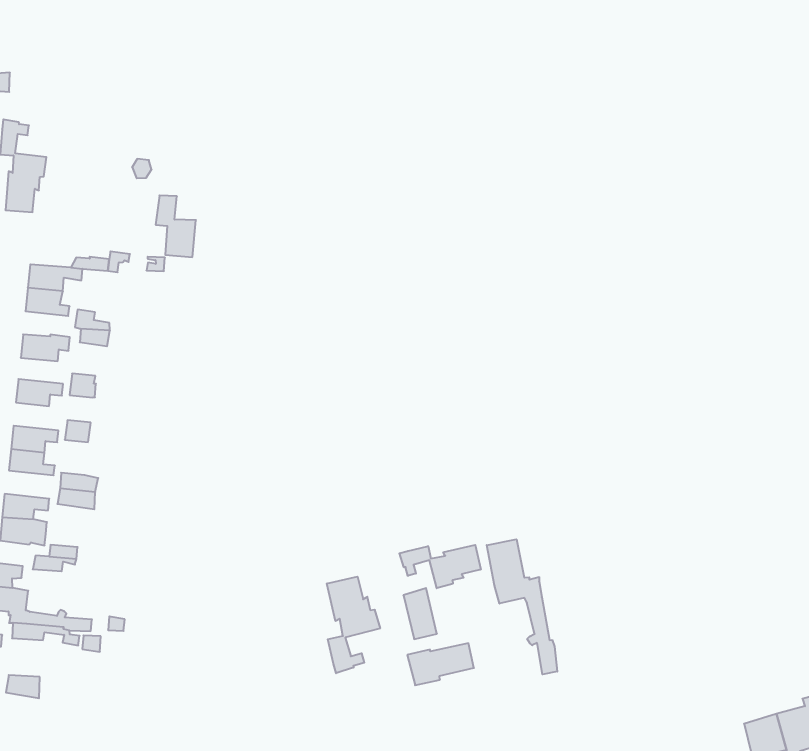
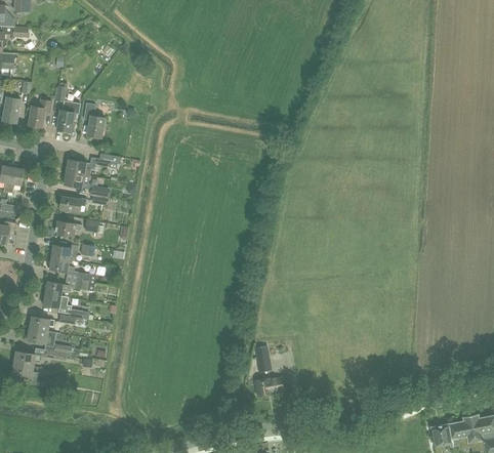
building: [156,195,196,257] -> [83,102,105,136]
building: [487,539,557,674] -> none
building: [399,545,481,588] -> none
building: [327,577,380,673] -> none

